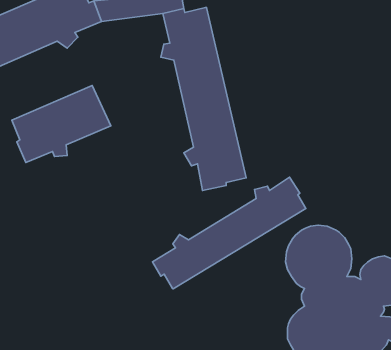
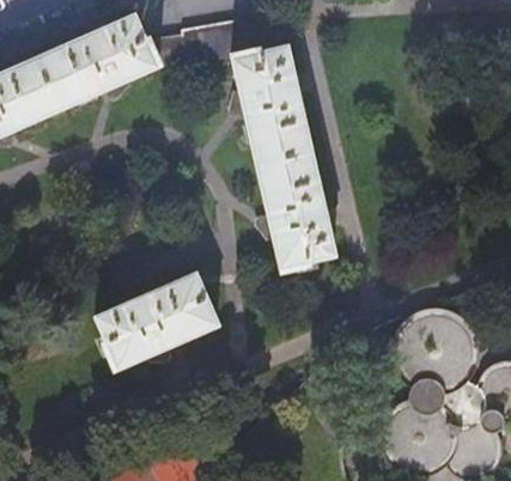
building: [12,85,111,163] -> [99,274,219,367]
building: [152,177,306,289] -> none

